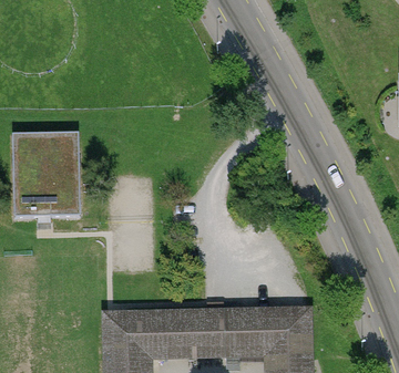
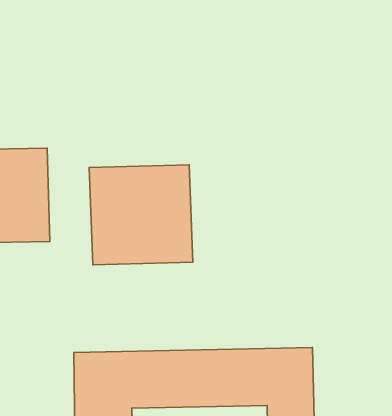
building: none -> [89,165,193,265]

